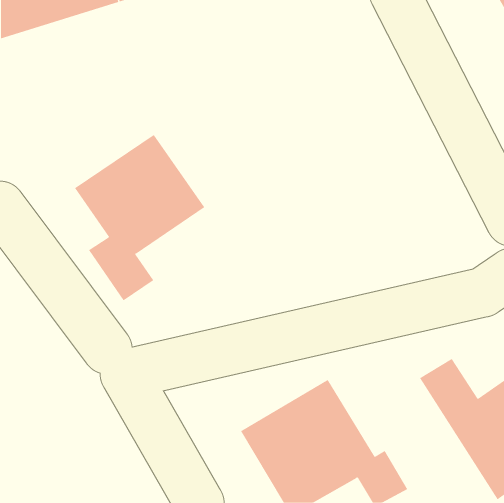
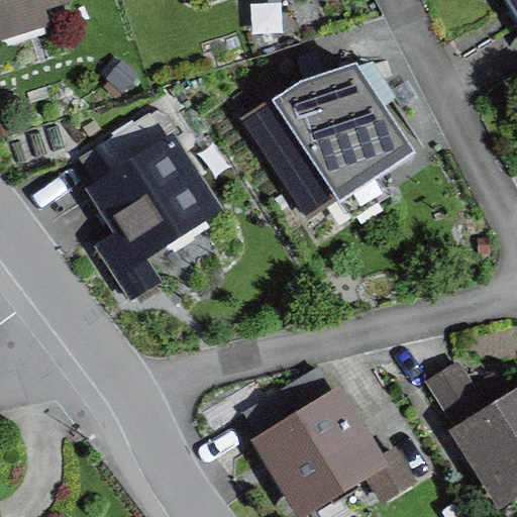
building: none -> [239,66,405,219]

